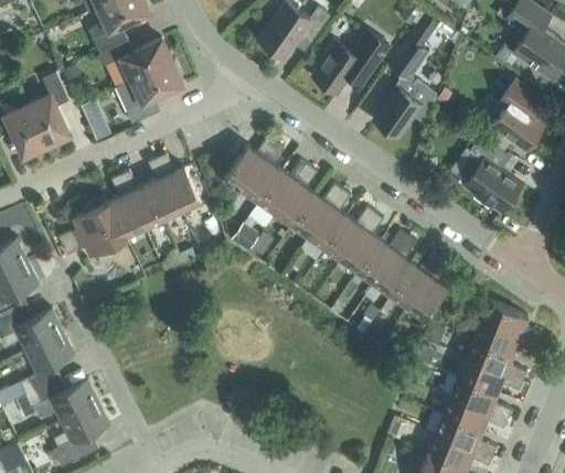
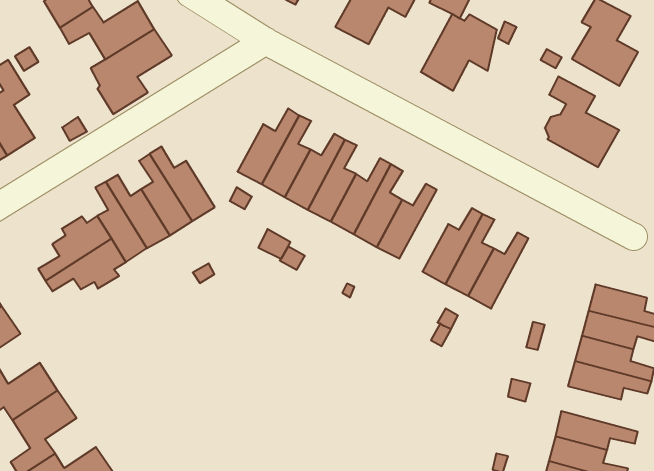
building: [340,213,384,275] -> none
building: [406,259,450,322] -> none
building: [450,377,512,419] -> none

